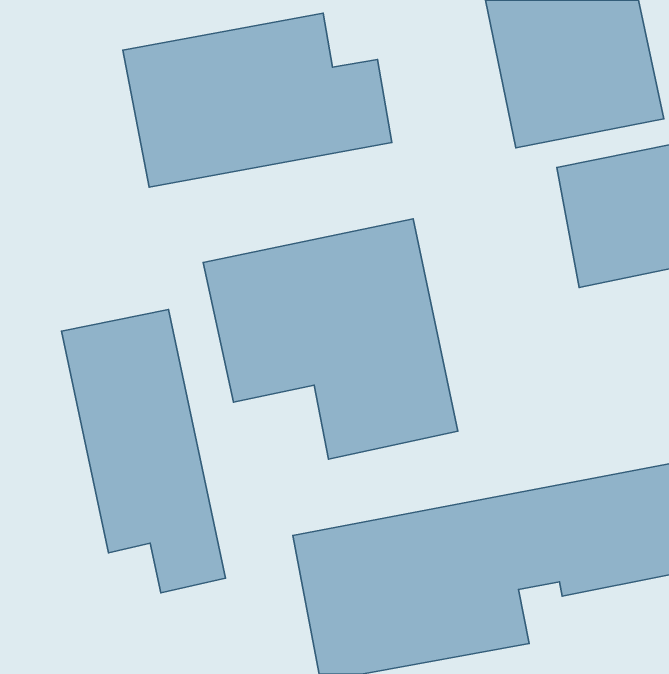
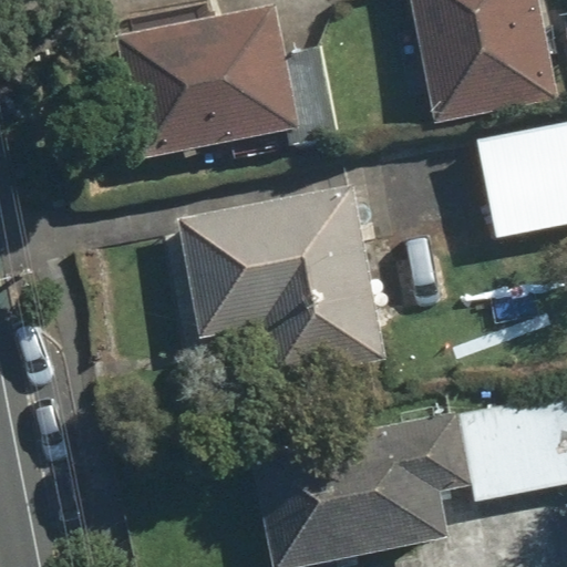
building: [61,310,225,593] -> none

